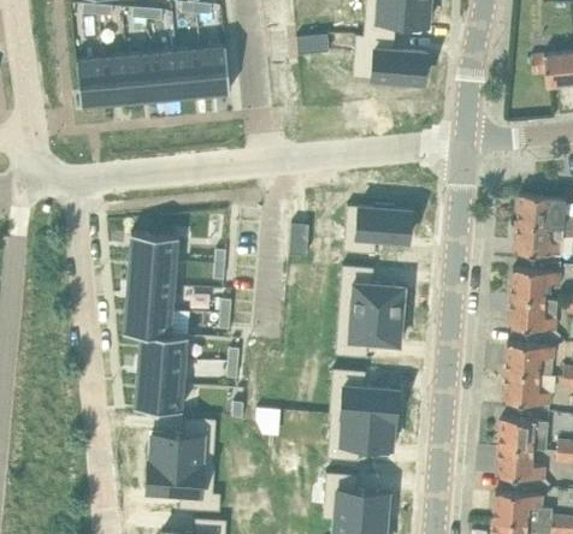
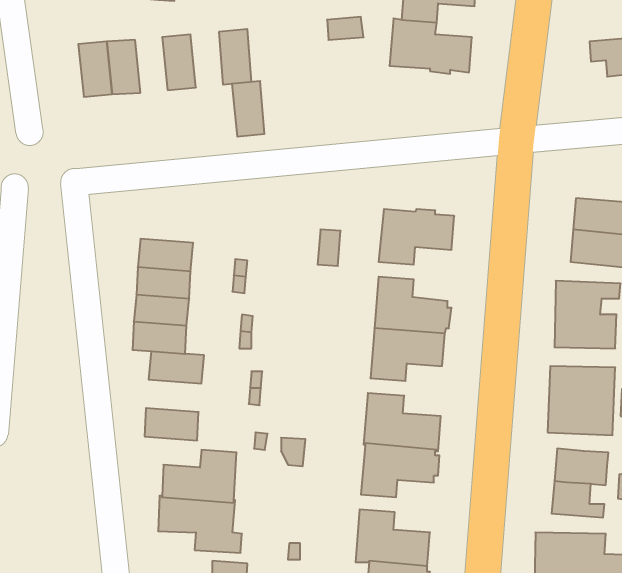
building: [177,48,206,97] -> [232,81,264,137]
building: [128,53,156,102] -> none
building: [137,357,187,386] -> none

